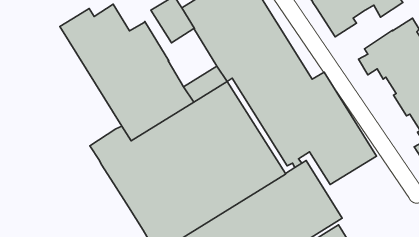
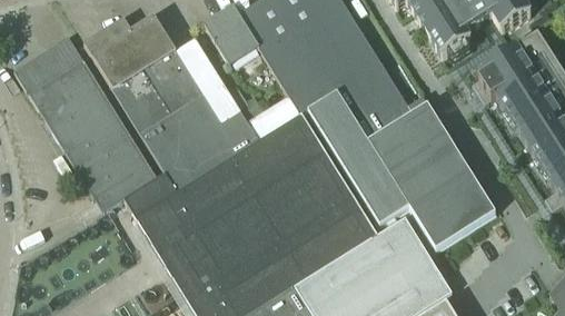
building: none -> [14,33,157,210]

